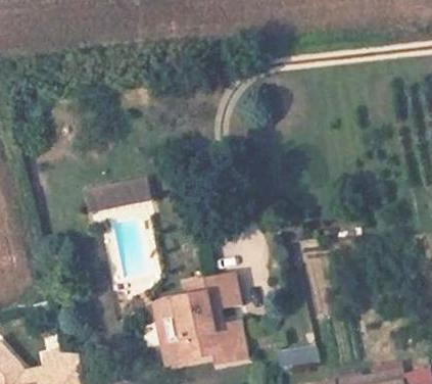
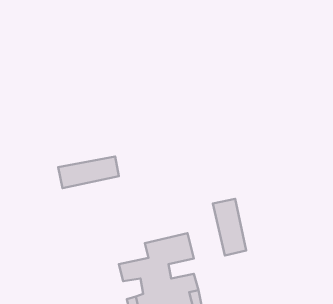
building: none -> [213,199,246,256]

